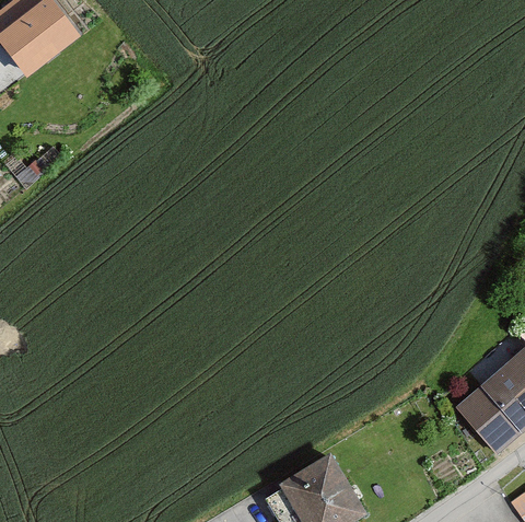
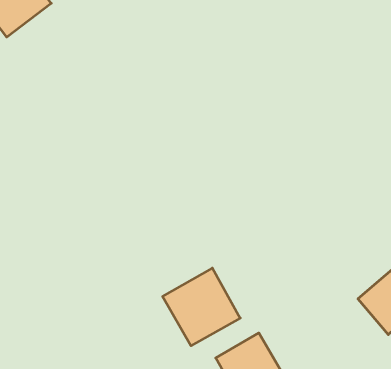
building: none -> [163,268,240,346]

